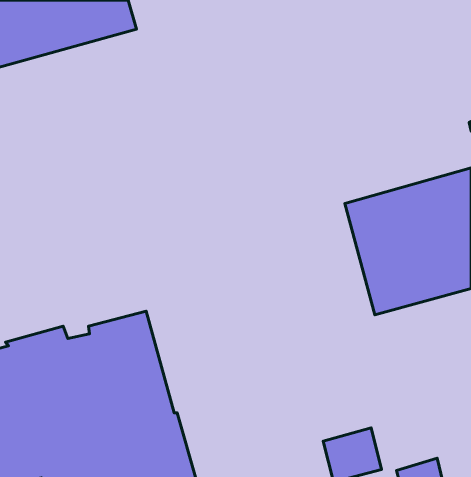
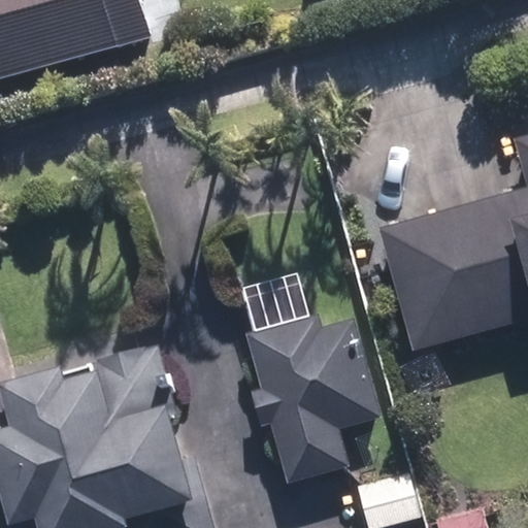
building: none -> [244,304,382,483]

